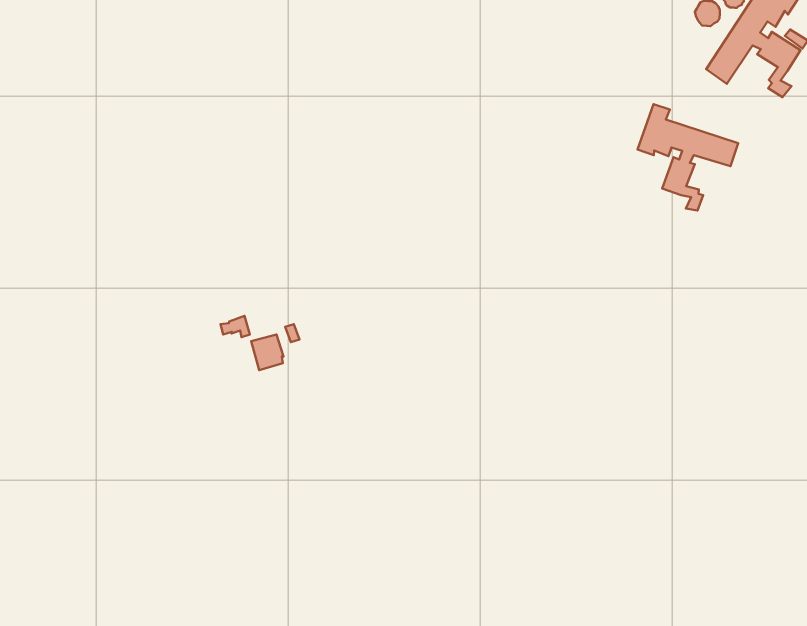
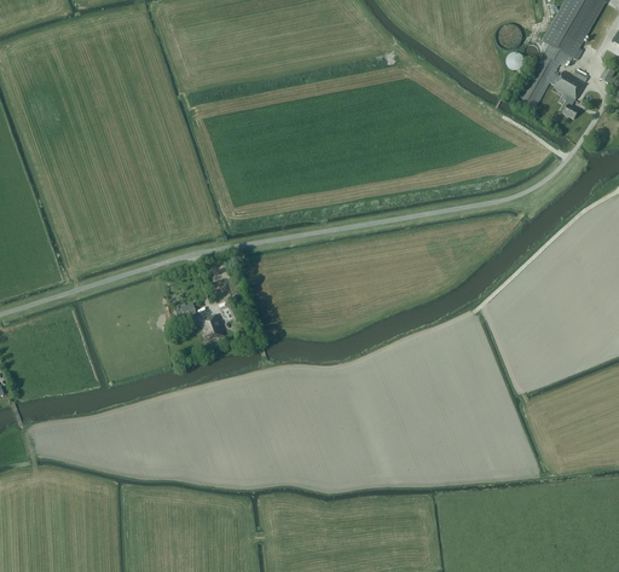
building: [637,104,738,211] -> none

